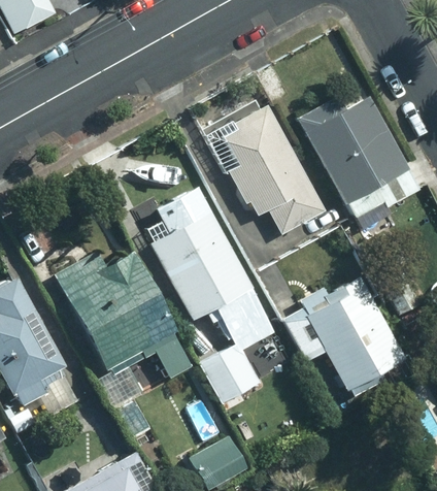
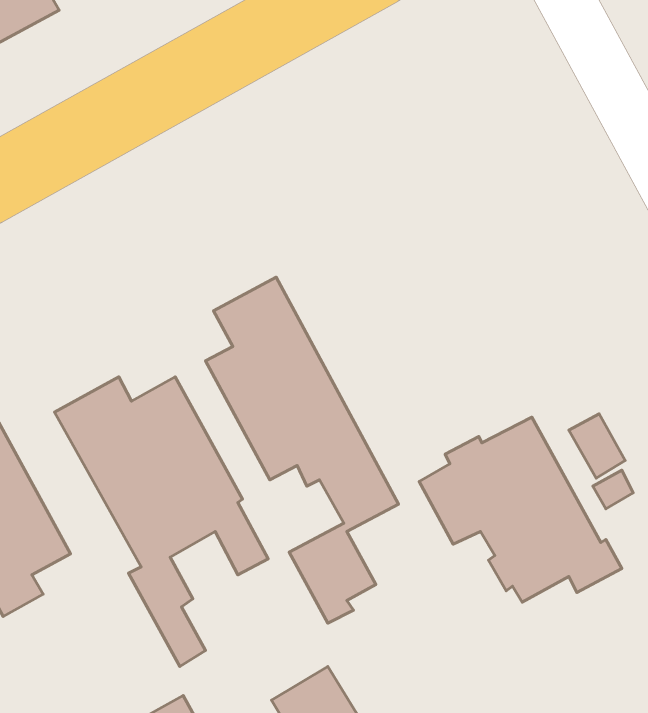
building: [299,95,419,215] -> none
building: [209,104,325,232] -> none

